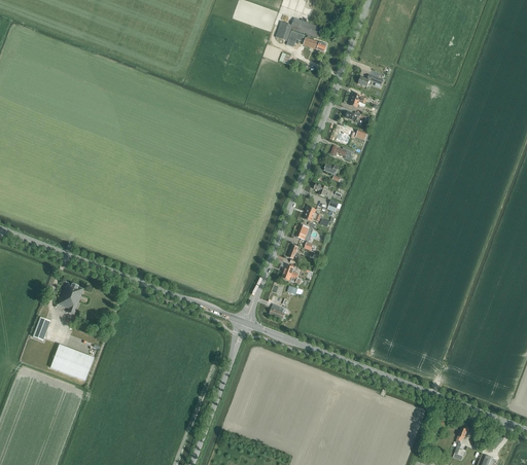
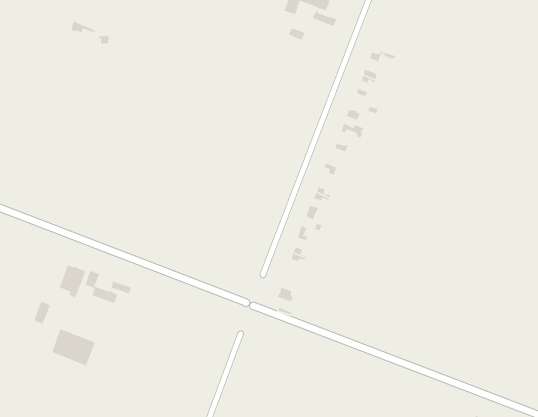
building: none -> [85,270,132,304]

